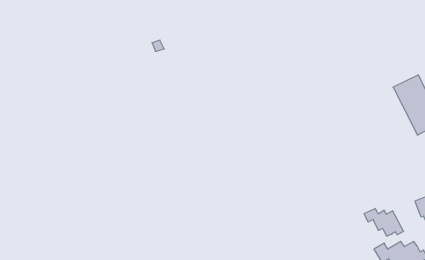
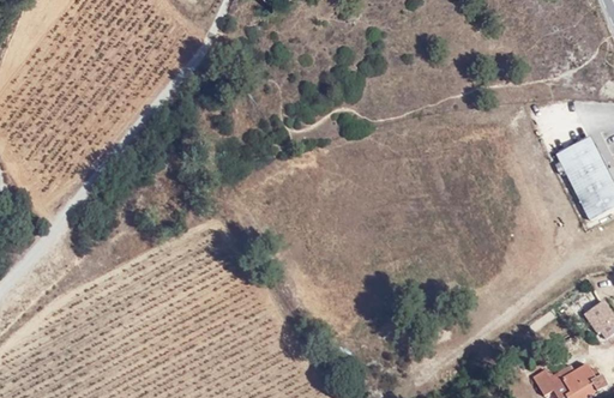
building: [364,208,404,236] -> none

